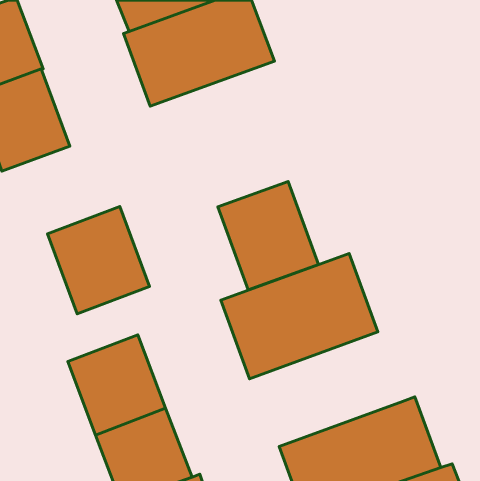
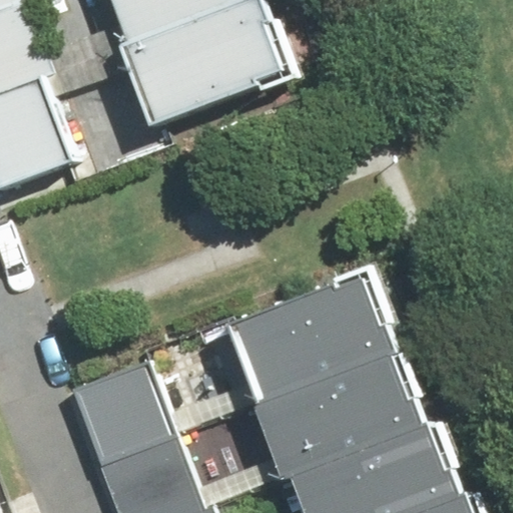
building: [218,182,319,290] -> none
building: [47,206,150,314] -> none
building: none -> [253,356,422,481]

